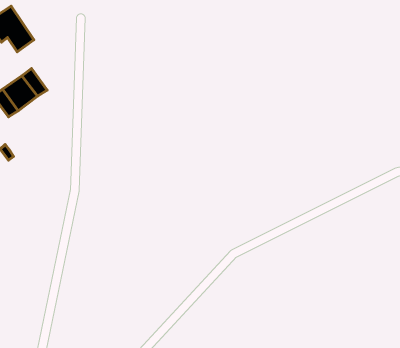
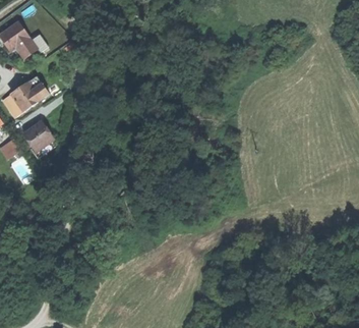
building: none -> [22,120,53,150]

